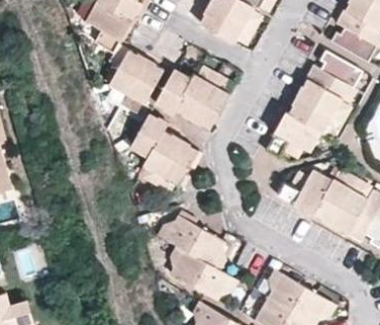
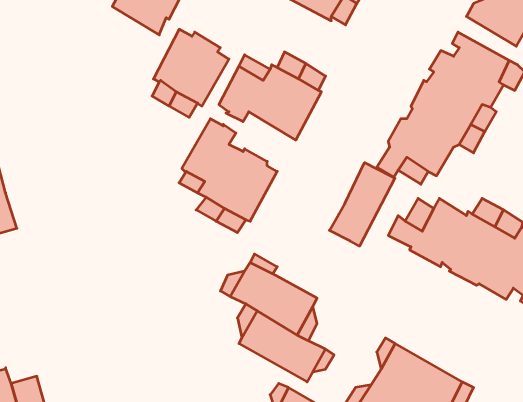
building: none -> [329,163,395,246]

